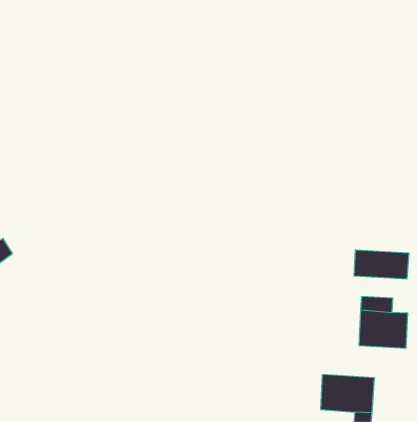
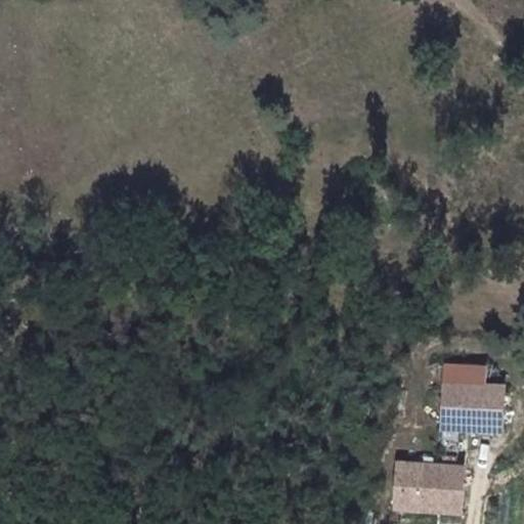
building: [354,250,409,279] -> none

